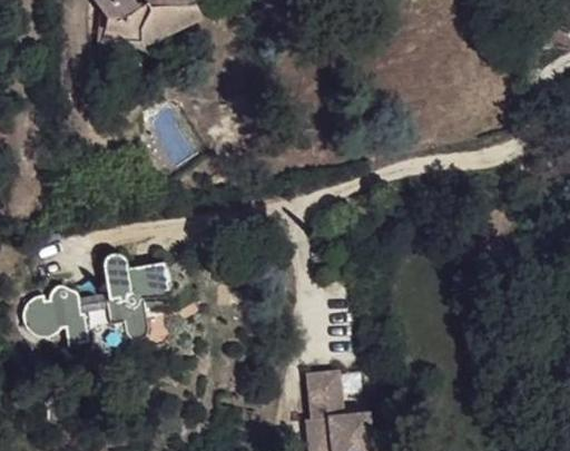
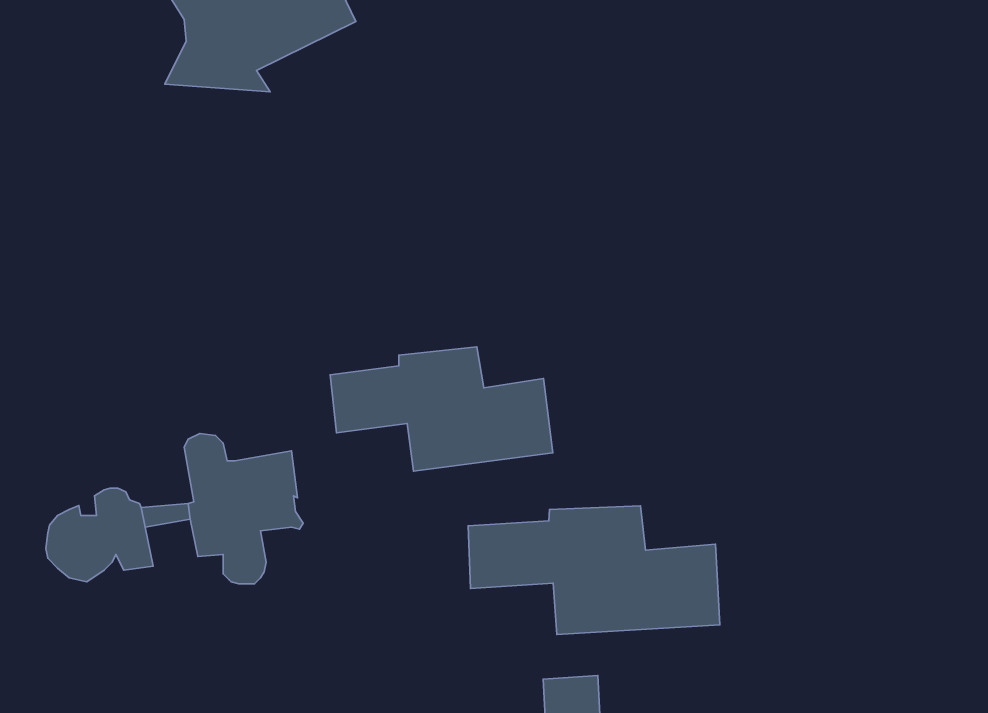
building: none -> [330,347,553,471]
building: none -> [468,506,720,635]

